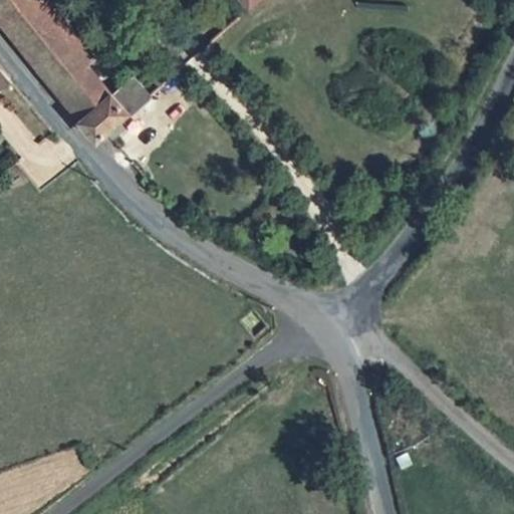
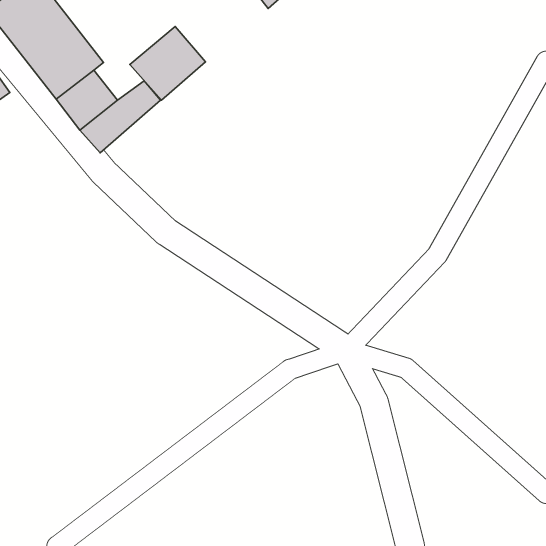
building: none -> [130,26,205,100]

